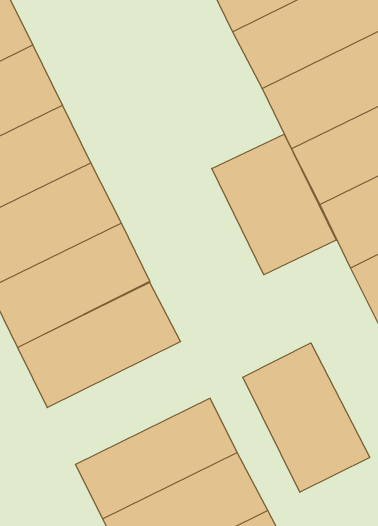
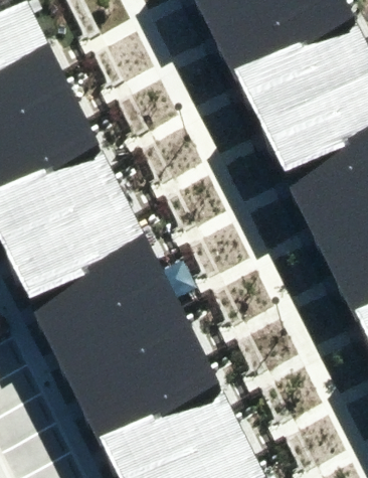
building: [212,134,336,275] -> none
building: none -> [64,311,203,416]
building: [243,343,370,492] -> none

